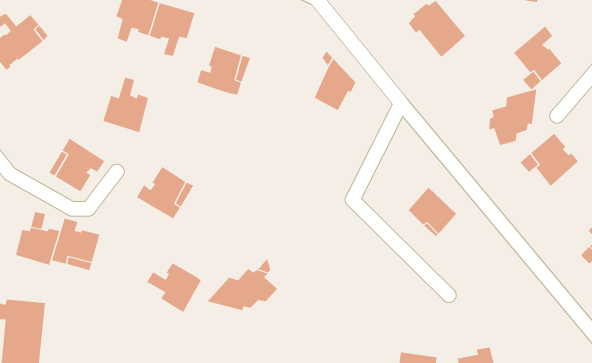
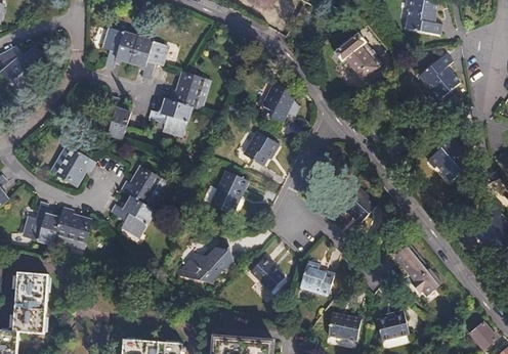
building: none -> [149,98,192,135]
building: [489,89,537,146] -> none
building: none -> [243,132,279,167]
building: none -> [206,170,242,214]
building: none -> [393,239,440,293]
building: [146,262,202,313] -> [110,196,154,236]
building: none -> [250,255,283,291]
building: none -> [298,260,332,294]

